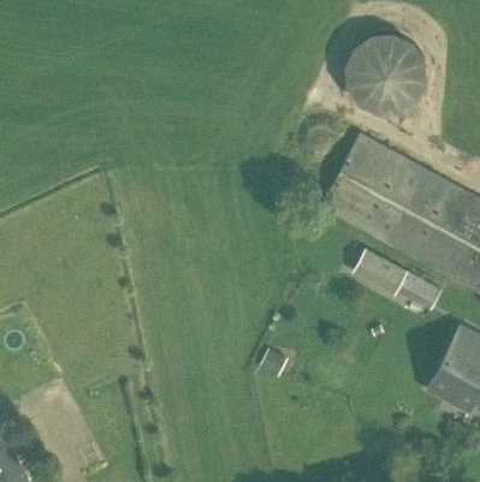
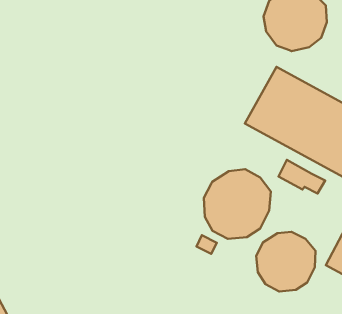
building: none -> [204,169,271,239]
building: none -> [256,232,315,291]

